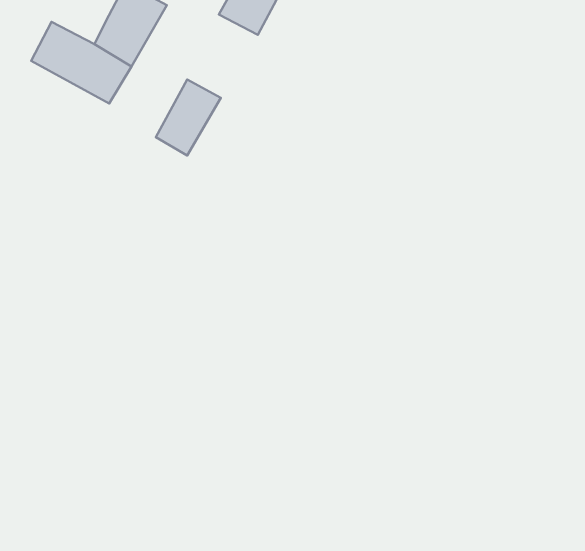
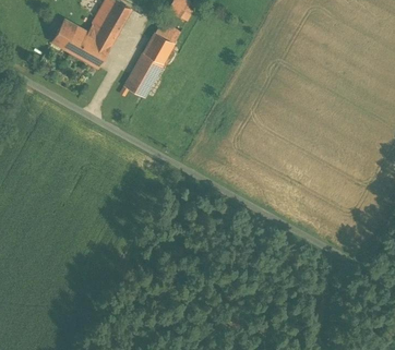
building: none -> [144,33,175,64]

